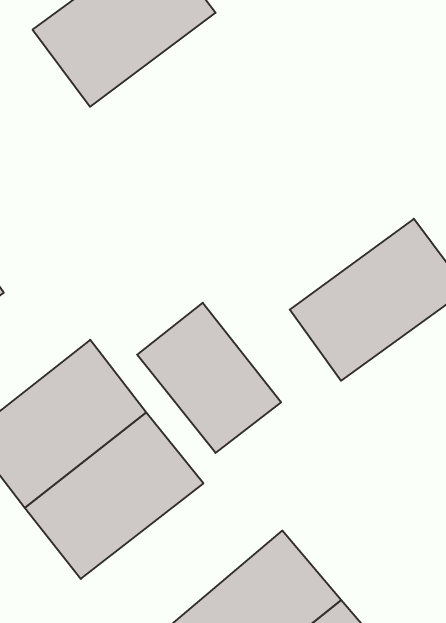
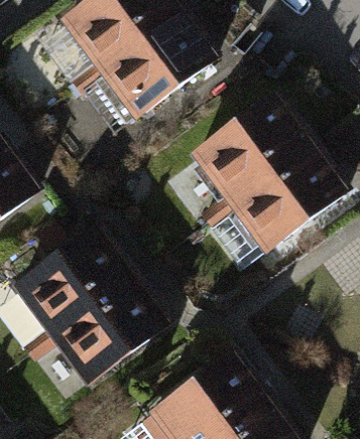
building: none -> [87,13,208,126]
building: none -> [186,103,303,210]
building: [137,303,281,453] -> none

